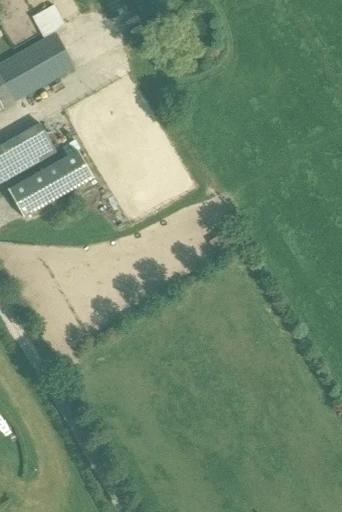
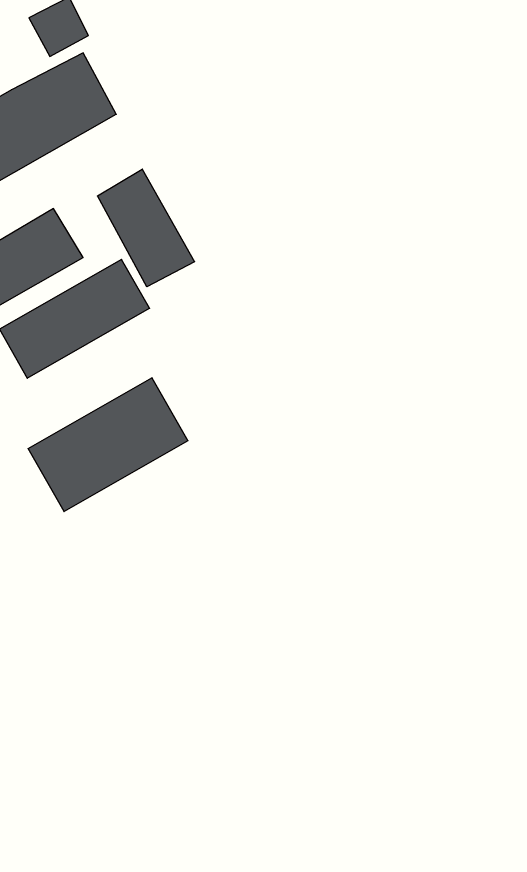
building: none -> [97,169,195,287]
building: none -> [28,378,188,512]

